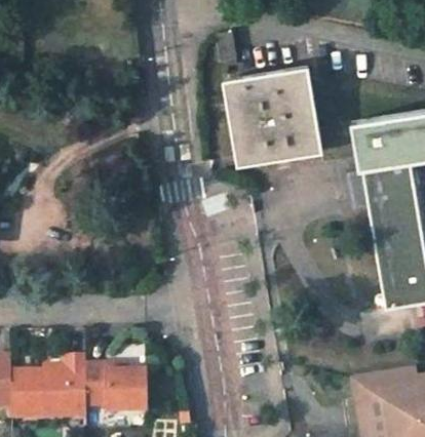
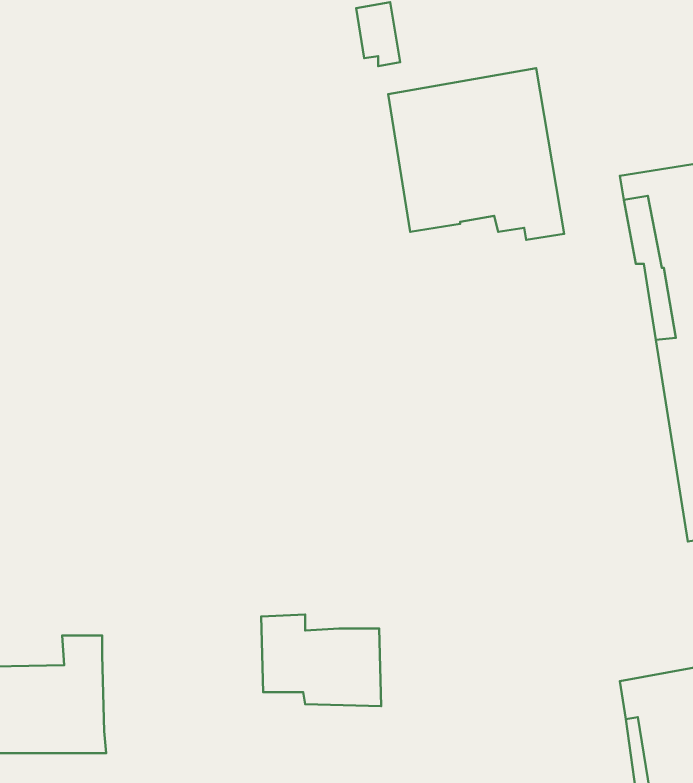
building: [223,79,302,165] -> none
building: [84,366,146,413] -> [261,614,381,706]

